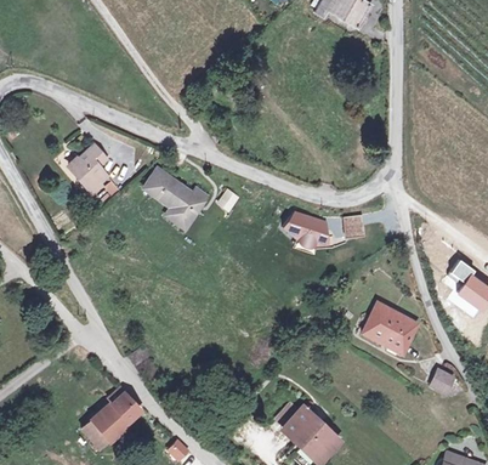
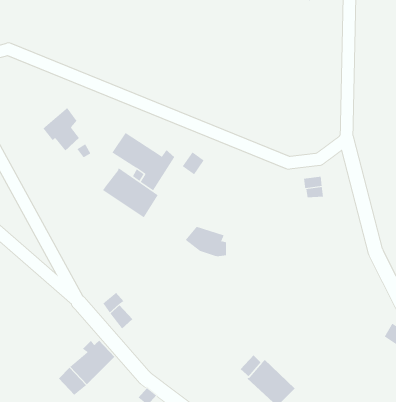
building: none -> [102,167,159,218]
building: [284,211,329,244] -> [185,226,227,257]
building: [363,304,415,353] -> none

